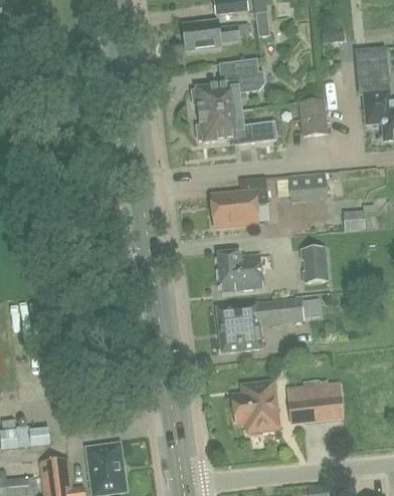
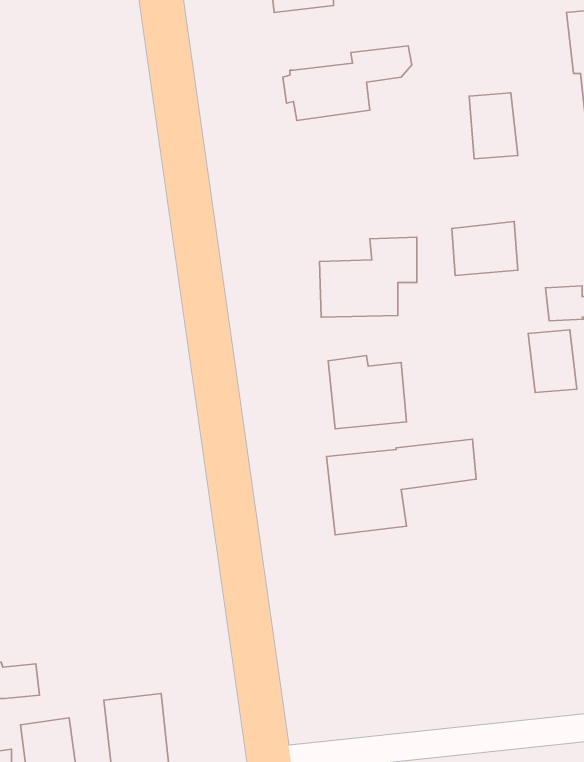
building: [196,106,277,142] -> none
building: [300,244,328,280] -> [528,330,577,393]
building: [232,380,279,434] -> none
building: [285,380,344,424] -> none

